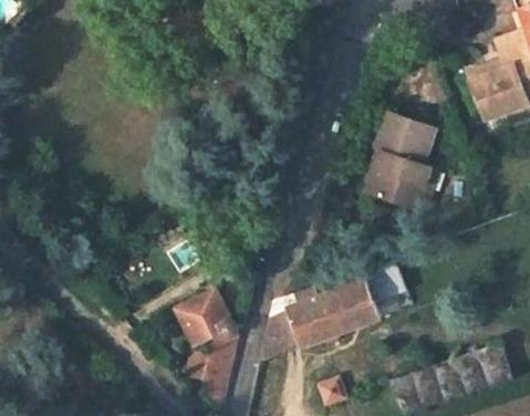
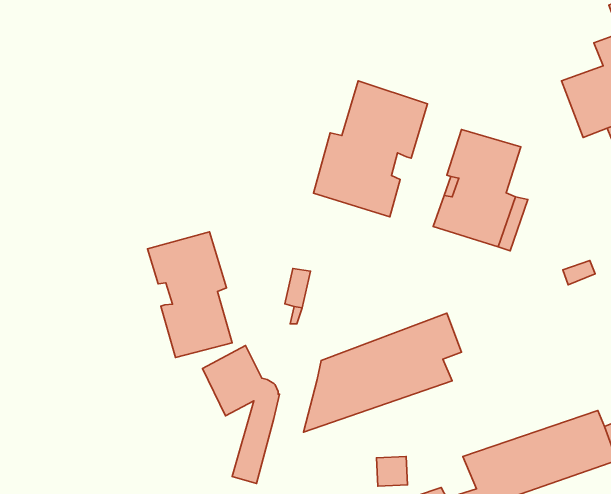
building: none -> [314,81,428,217]
building: none -> [148,232,232,357]

